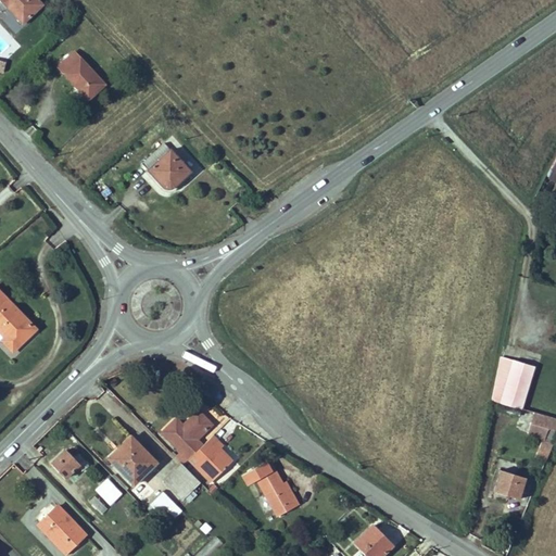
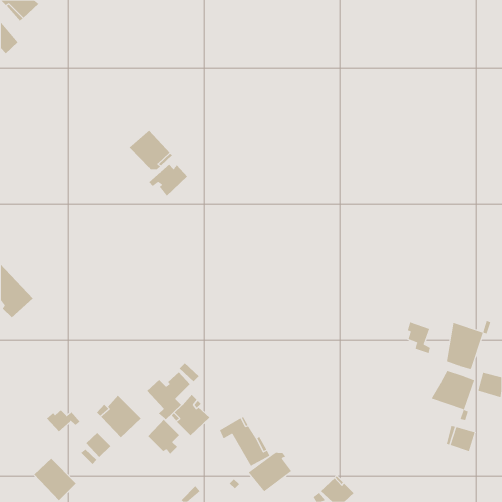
building: [59,52,104,99] -> none
building: none -> [148,164,188,197]
building: none -> [407,322,431,354]
building: none -> [431,370,475,421]
building: [150,492,182,525] -> none
building: none -> [248,452,292,492]

